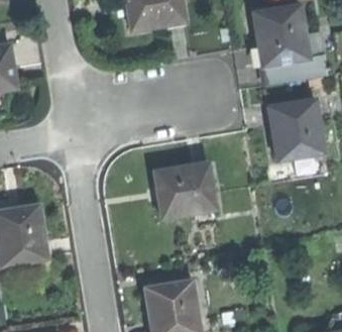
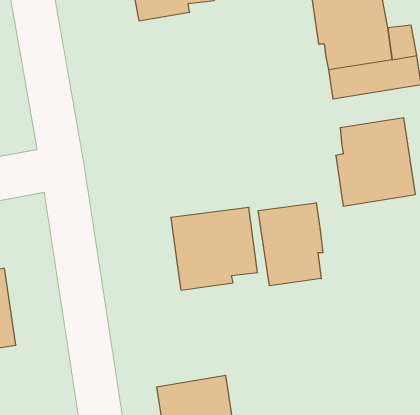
building: none -> [258,203,323,286]

